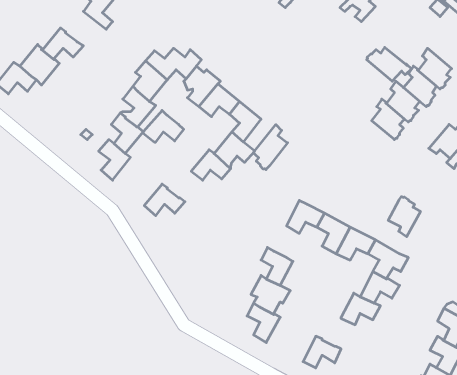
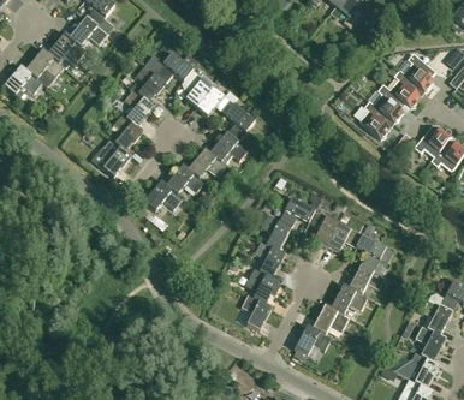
building: none -> [70,17,108,46]
building: [367,47,412,81] -> none
building: [143,110,184,142] -> [166,163,204,193]
building: [253,125,288,170] -> none
building: [388,197,420,237] -> none
building: none -> [261,214,291,250]
building: none -> [313,304,349,334]

